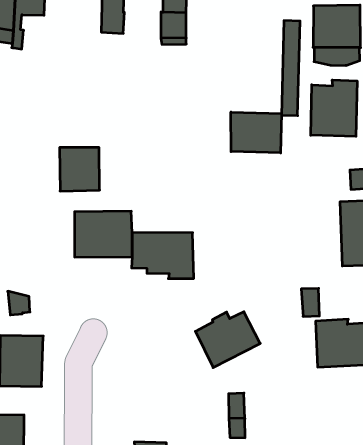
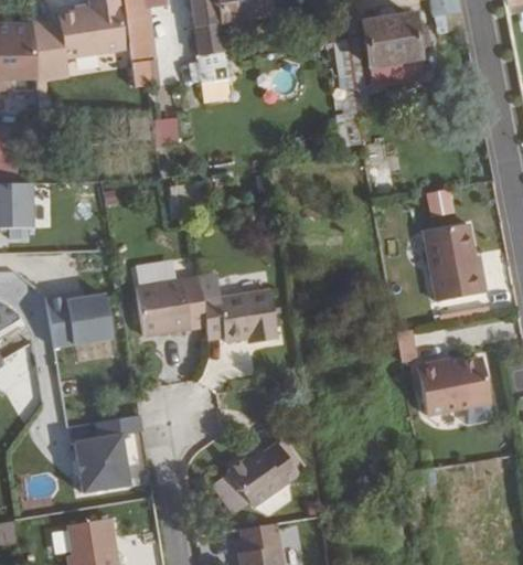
building: [311,80,357,136] -> none
building: [231,112,282,153] -> none
building: [60,148,100,191] -> [62,288,113,342]
building: [195,312,260,368] -> [226,441,299,508]

